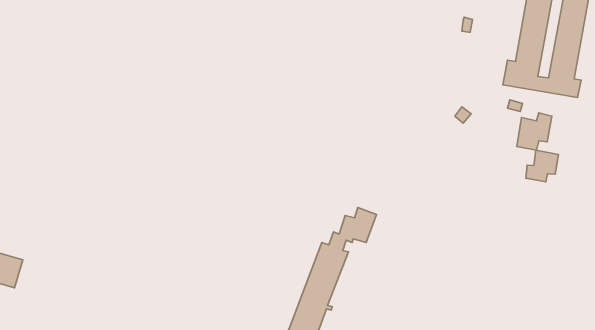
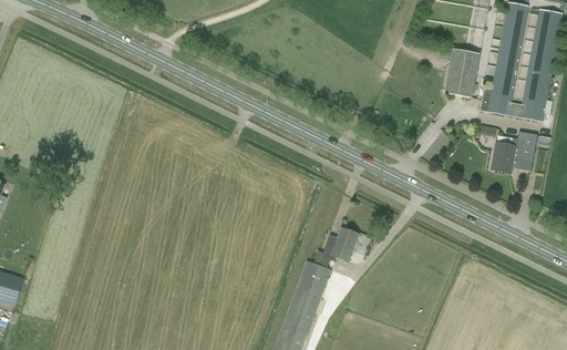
building: none -> [445,49,480,97]
building: [526,150,559,182] -> none

